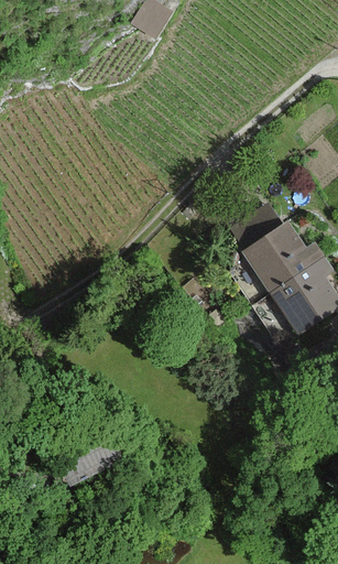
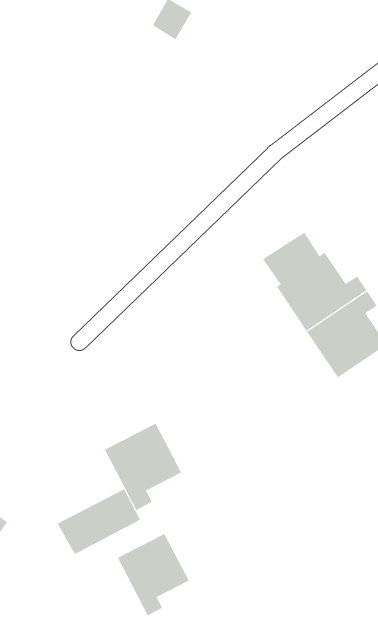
building: none -> [104,423,182,511]
building: none -> [117,533,189,616]

